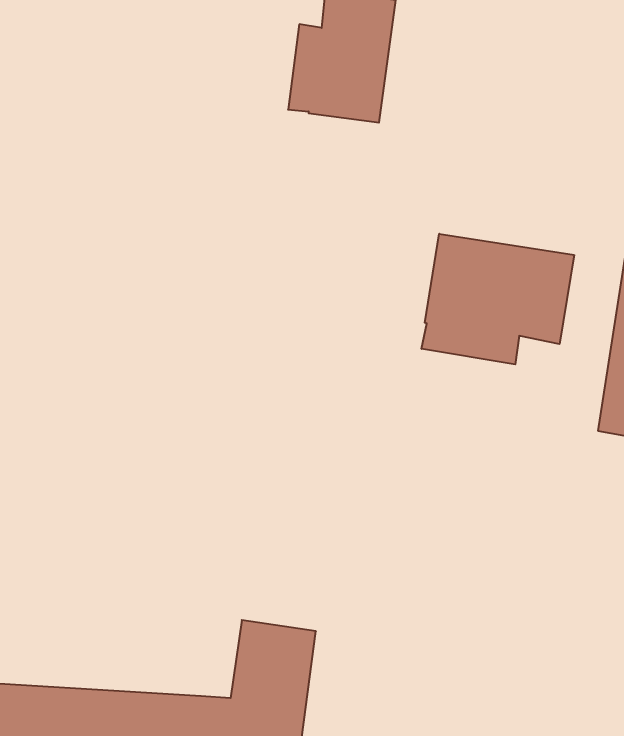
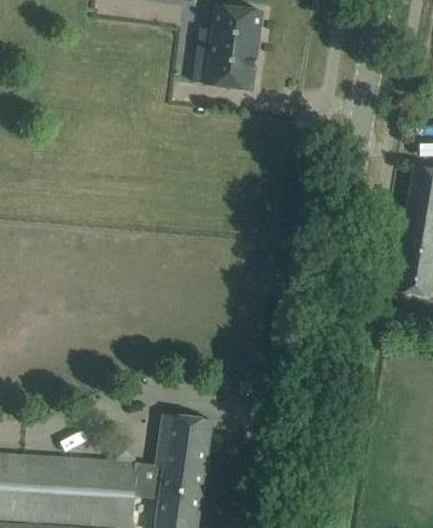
building: [422,234,574,364] -> none

